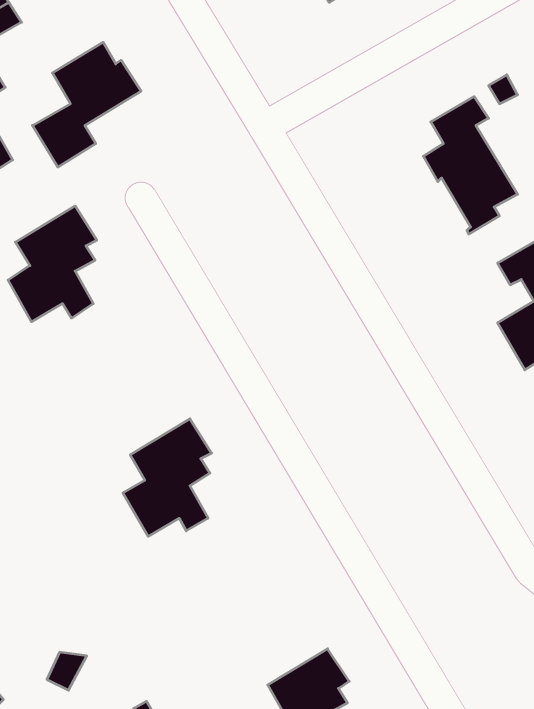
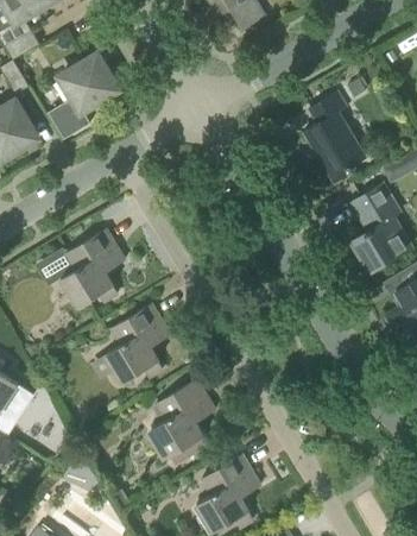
building: [8,206,97,322] -> [62,228,120,304]
building: none -> [152,378,210,455]

